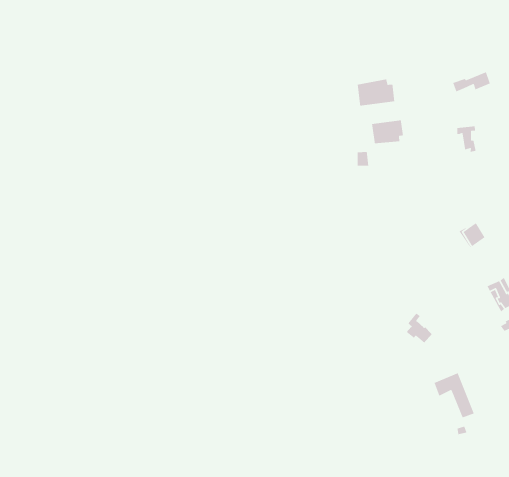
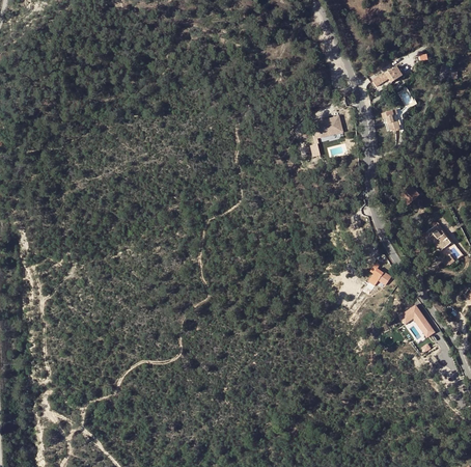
building: [357,78,395,107] -> none

